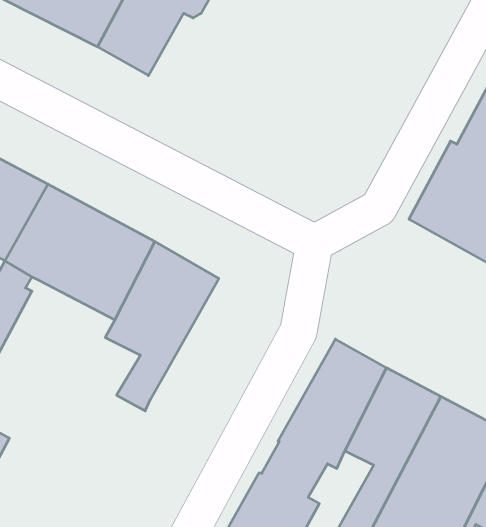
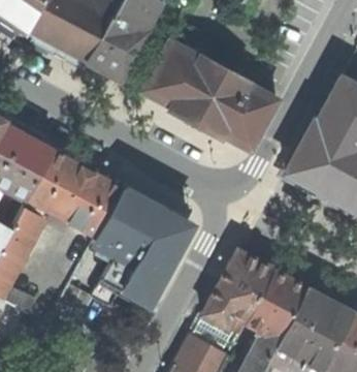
building: none -> [138,39,278,151]
building: none -> [119,210,189,303]

